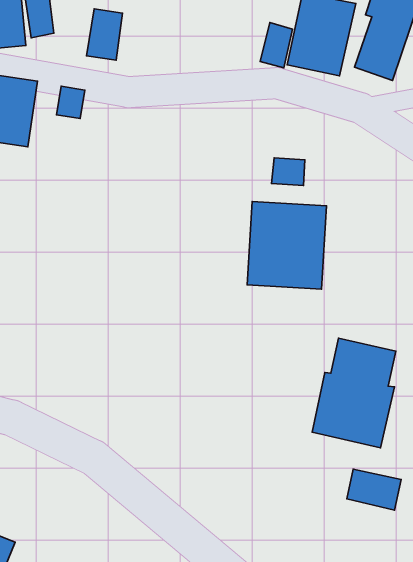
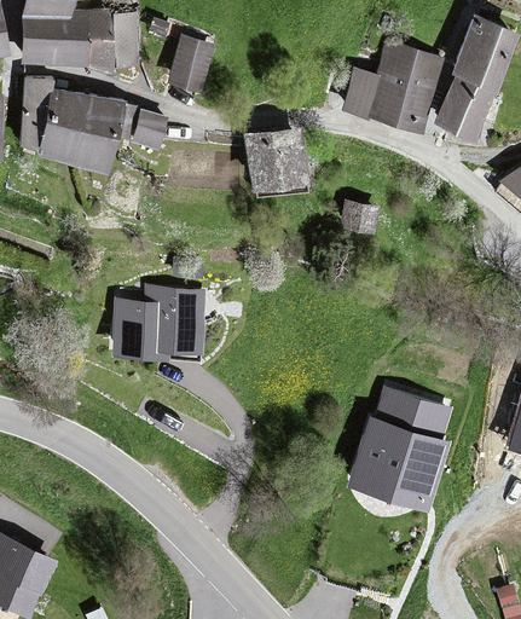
building: none -> [242,129,300,185]
building: [247,202,326,289] -> none
building: none -> [120,290,202,348]
building: [347,469,401,510] -> none

